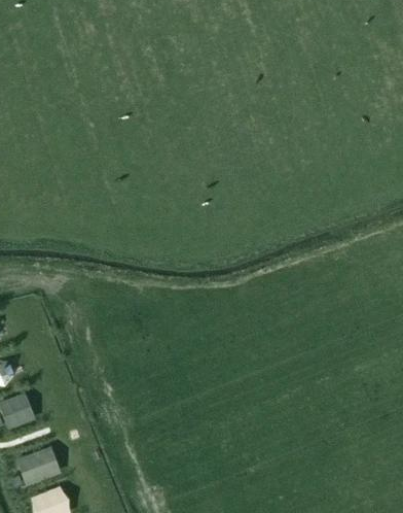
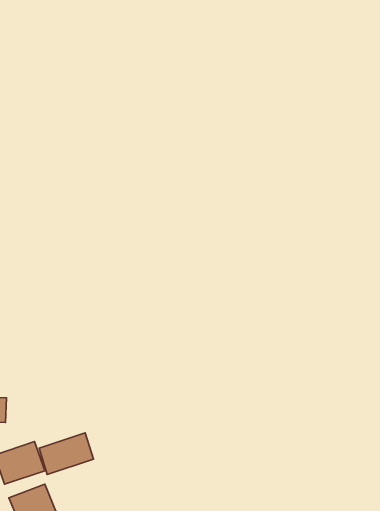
building: none -> [39,433,94,475]

